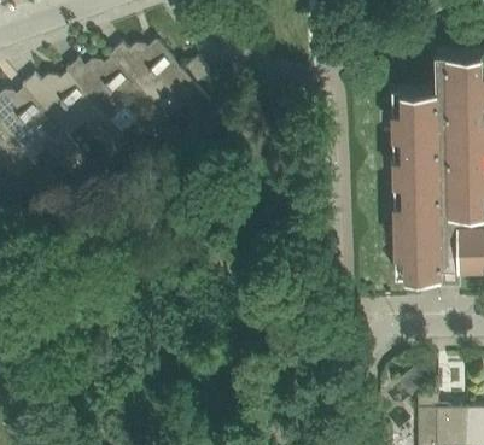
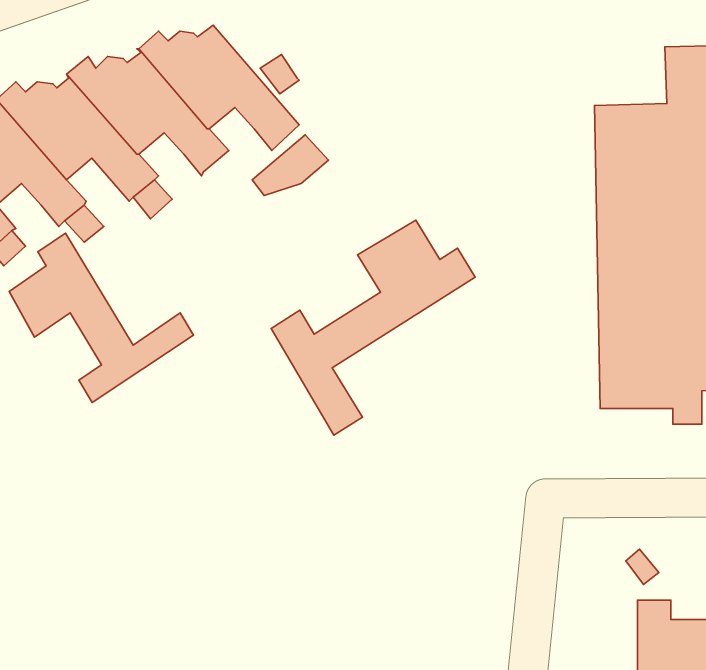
building: none -> [271,220,475,435]
building: none -> [9,233,194,403]

